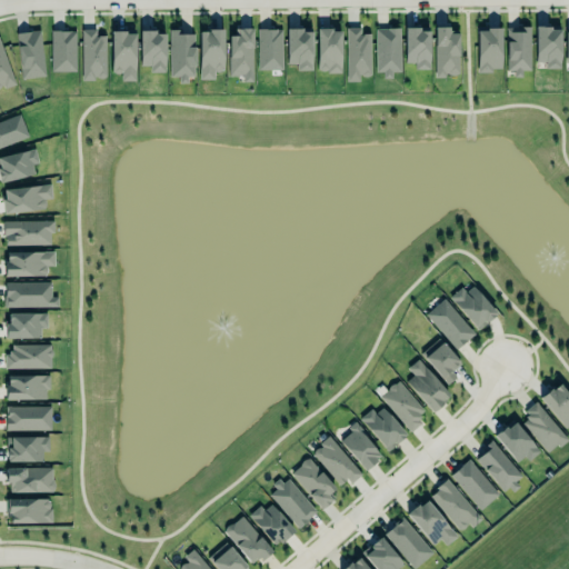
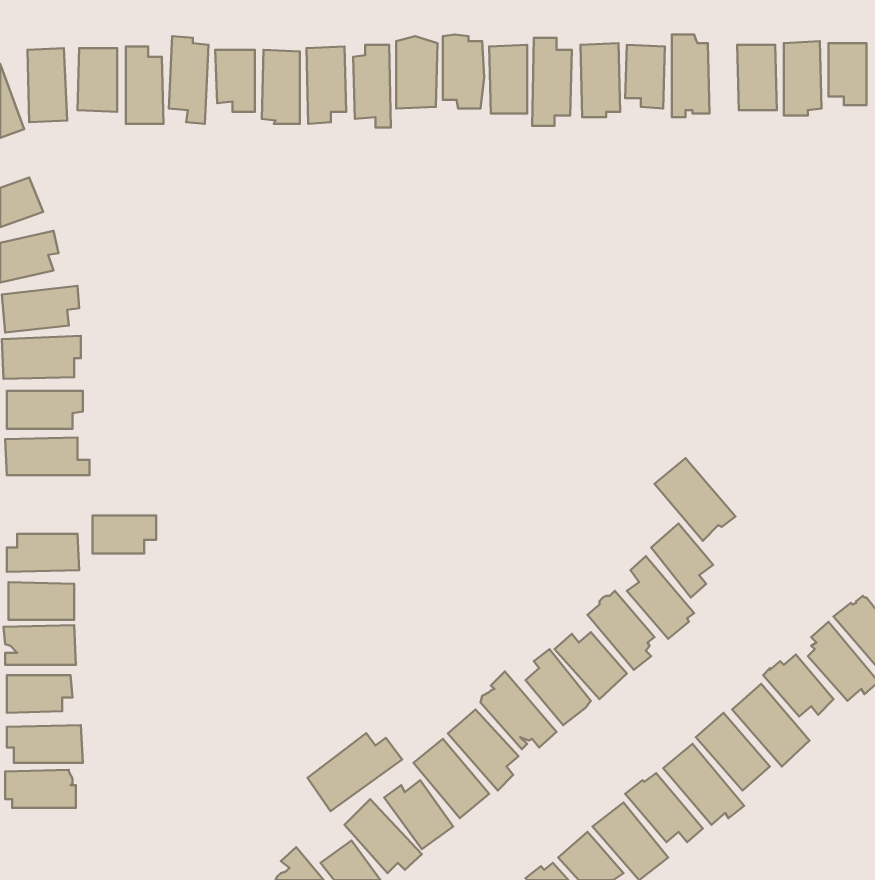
building: [451,287,498,330] -> none
building: [9,313,50,338] -> [93,516,156,554]
building: none -> [307,733,402,811]

